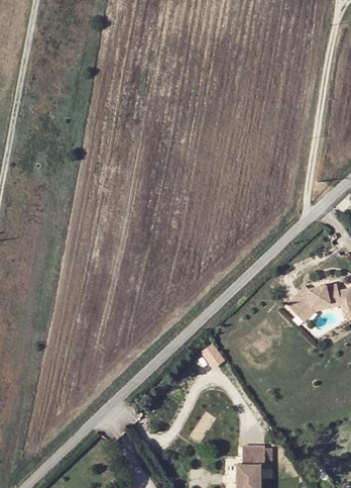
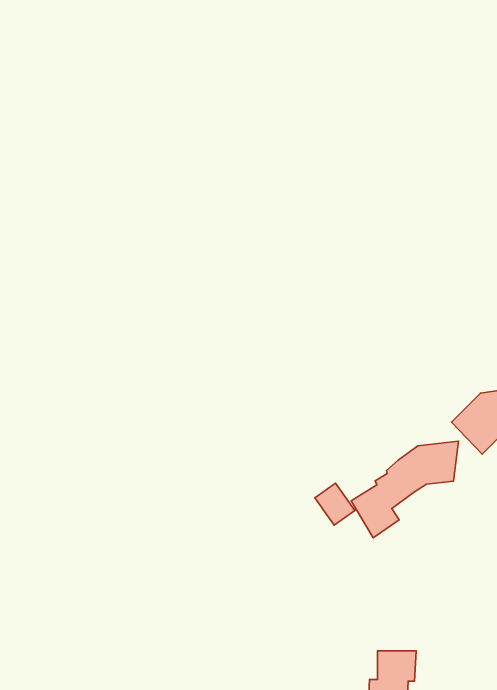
building: none -> [351,441,459,538]

